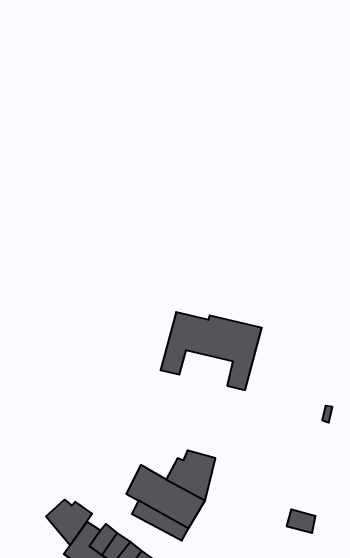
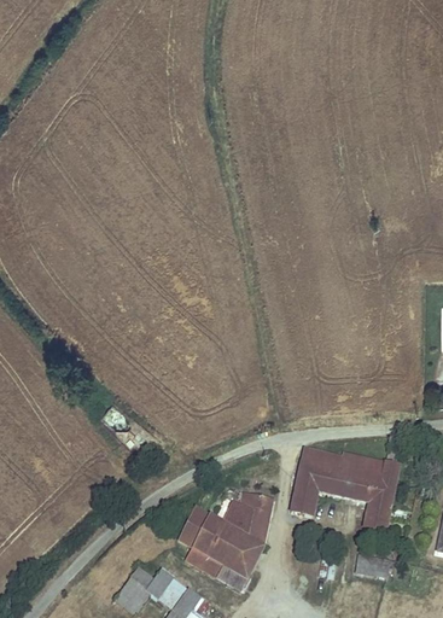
building: [160,312,262,390] -> [291,448,401,532]
building: [46,500,92,545] -> none

